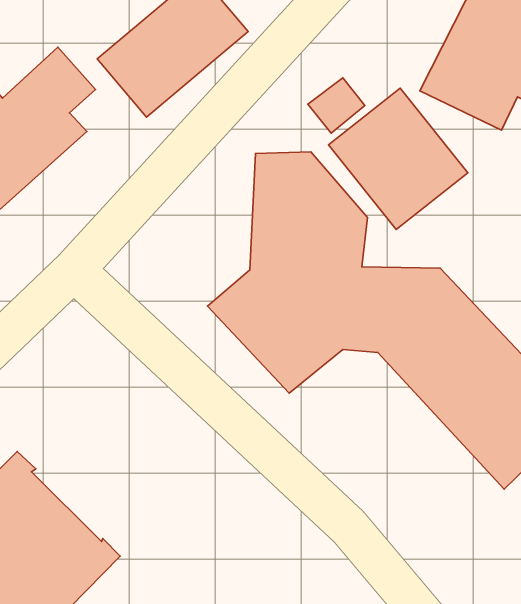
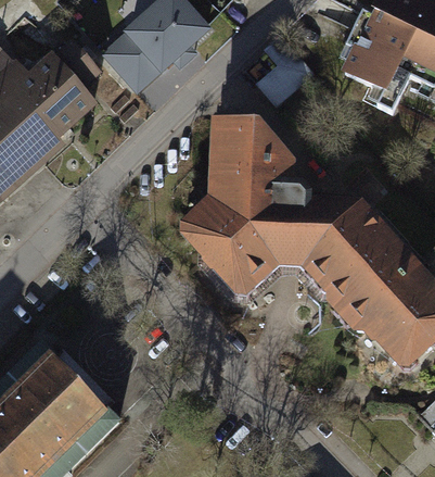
building: [329,88,468,230] -> none

